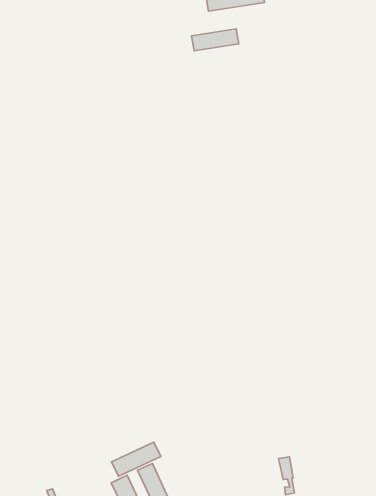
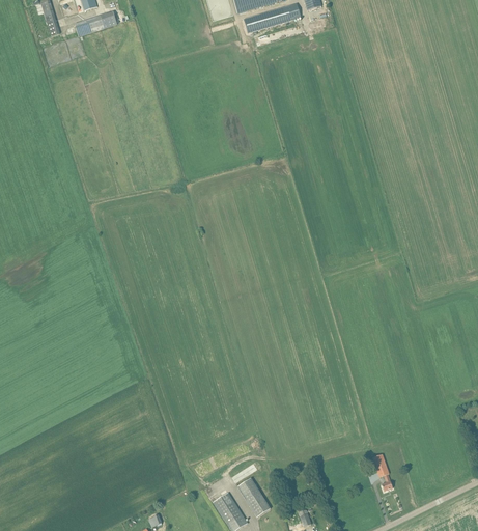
building: [192,29,239,51] -> none
building: [111,442,161,476] -> none

